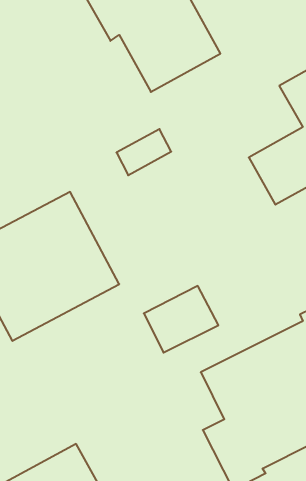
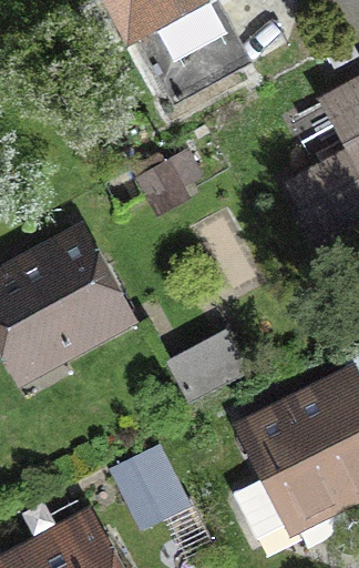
building: none -> [110,440,193,530]

